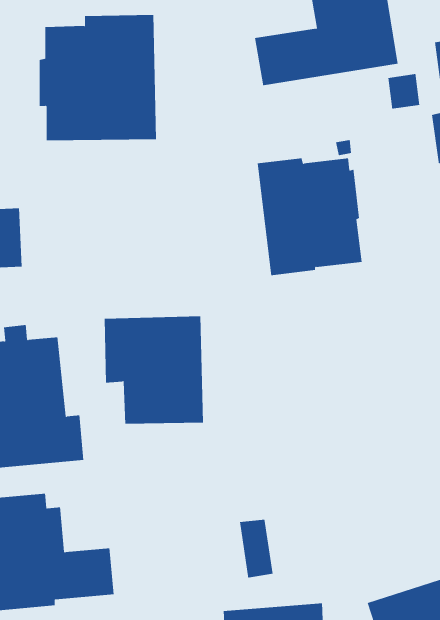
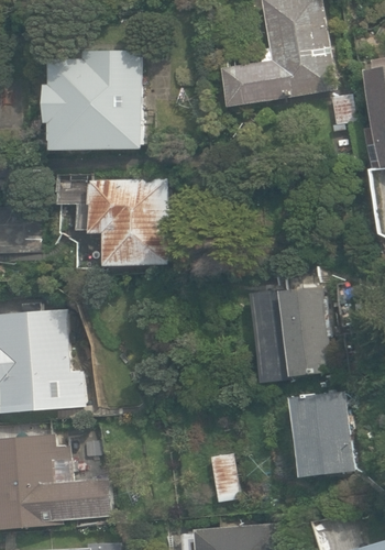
building: [257,158,362,276] -> [246,288,331,383]
building: [104,316,204,424] -> [84,174,164,261]
building: none -> [292,392,353,477]

